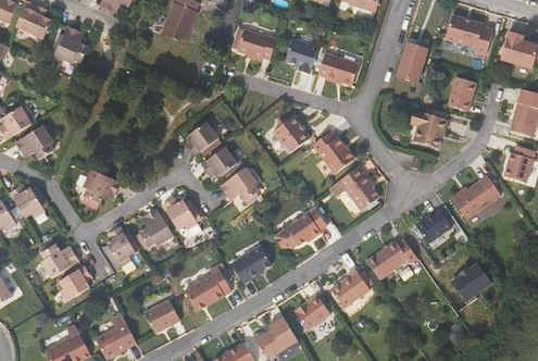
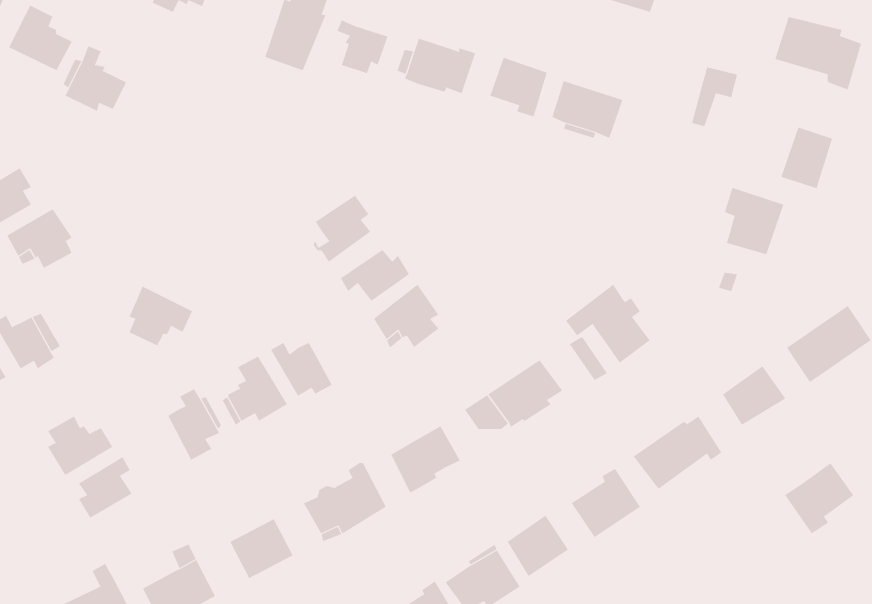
building: none -> [337,20,388,74]
building: [274,114,311,150] -> none
building: [313,130,353,173] -> none

